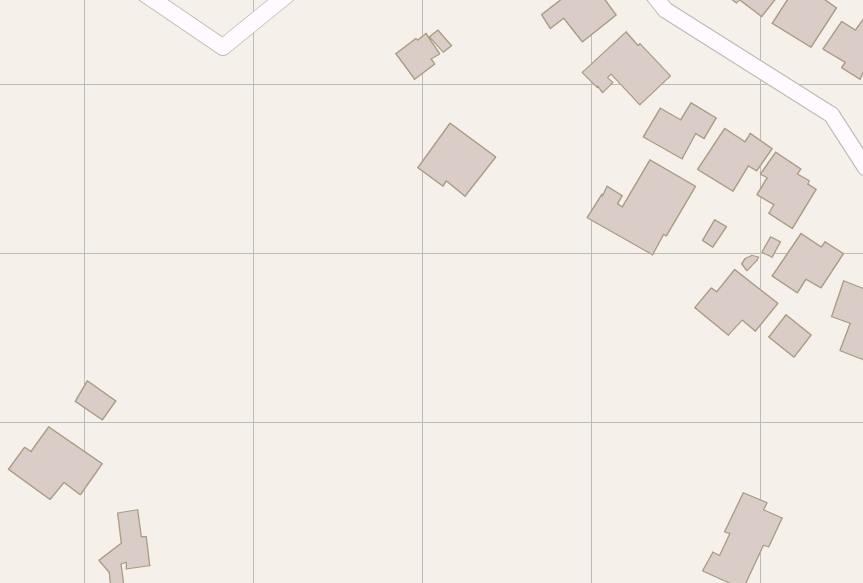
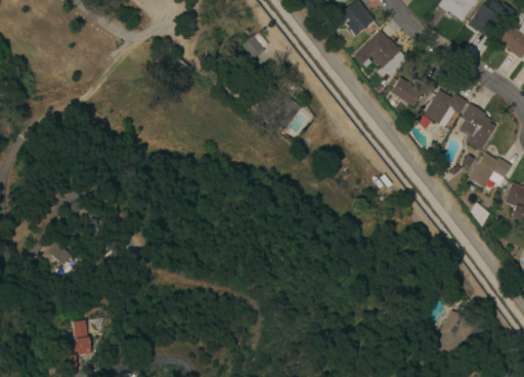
building: [587,160,695,255] -> none
building: [695,269,778,335] -> none
building: [8,427,102,499] -> none

